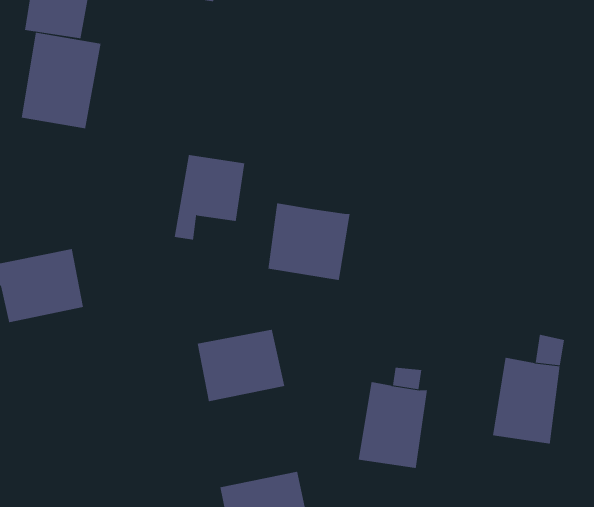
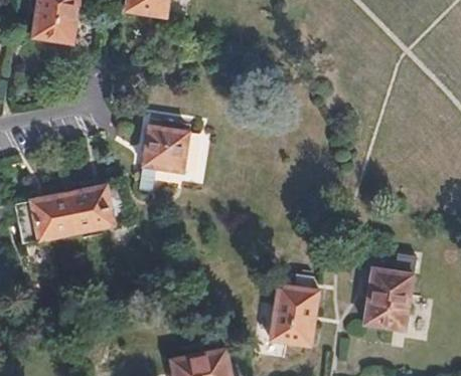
building: [21,32,101,129] -> none
building: [268,203,350,281] -> none
building: [197,329,285,402] -> [66,182,129,233]

